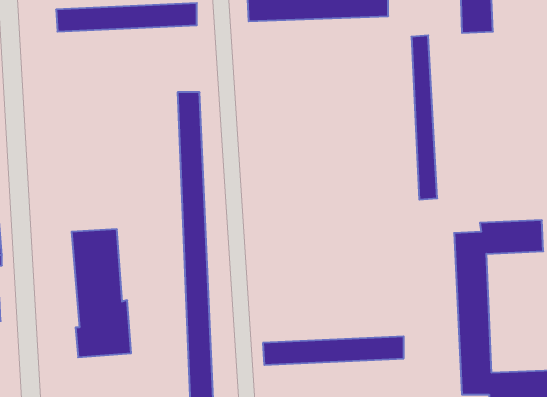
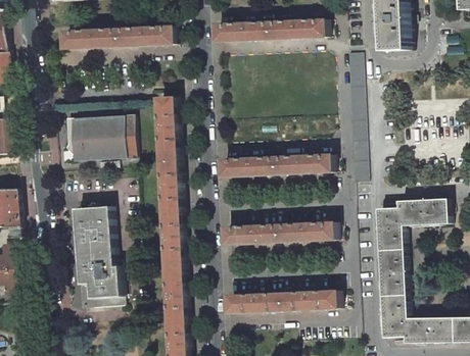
building: none -> [62,116,133,160]
building: none -> [220,154,330,175]
building: none -> [223,221,333,243]

